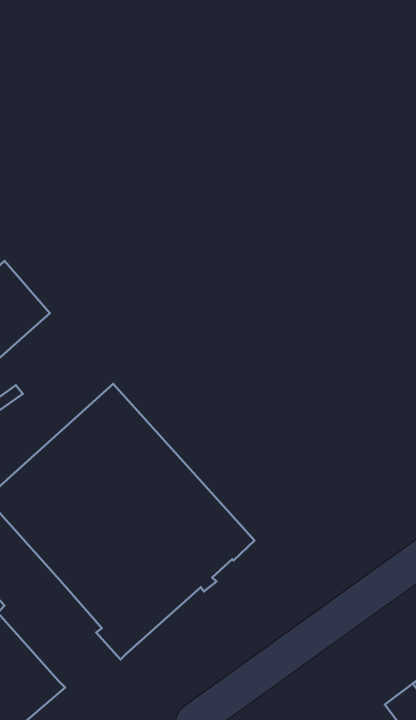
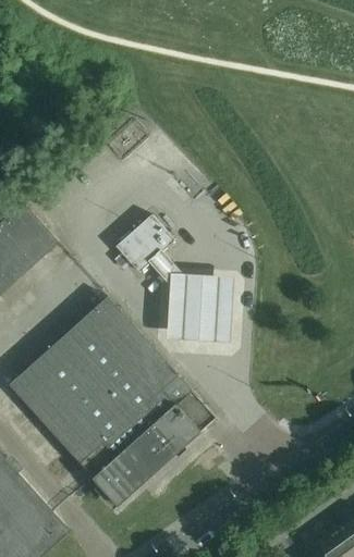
building: none -> [114,215,174,273]
building: none -> [164,274,231,346]

